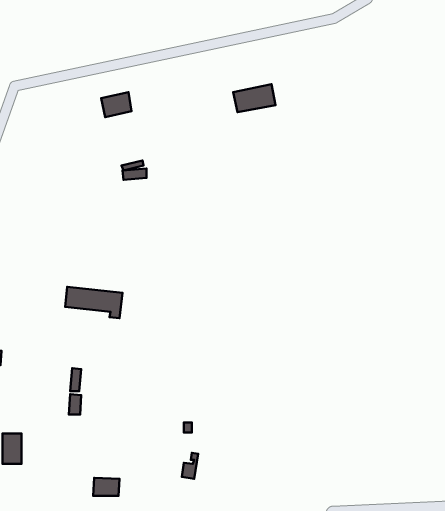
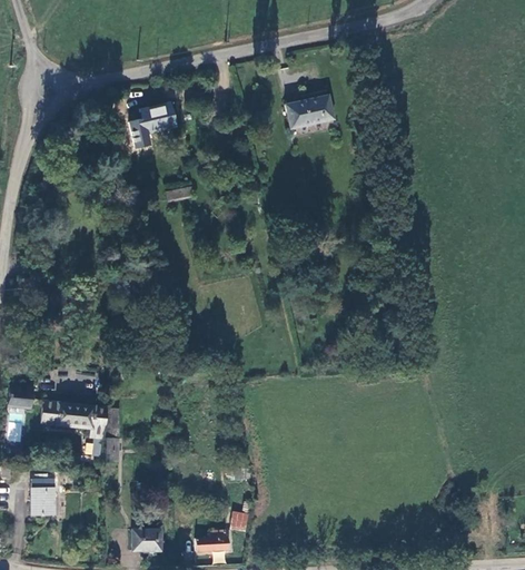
building: [65,287,123,318] -> [40,402,103,436]
building: none -> [195,532,228,552]

